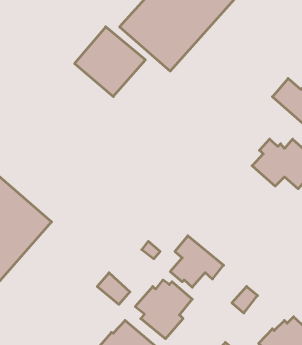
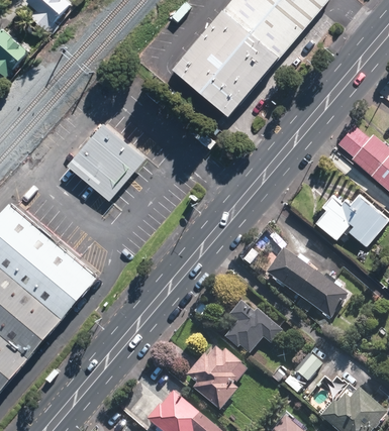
building: [75,27,145,97] -> [68,121,145,198]
building: none -> [267,247,349,318]
building: [97,273,130,304] -> none

